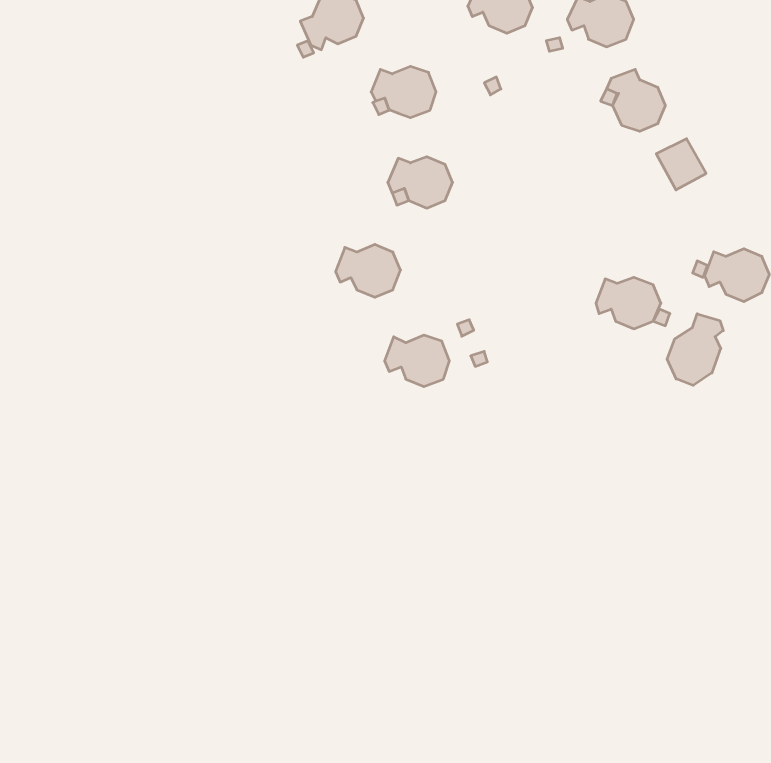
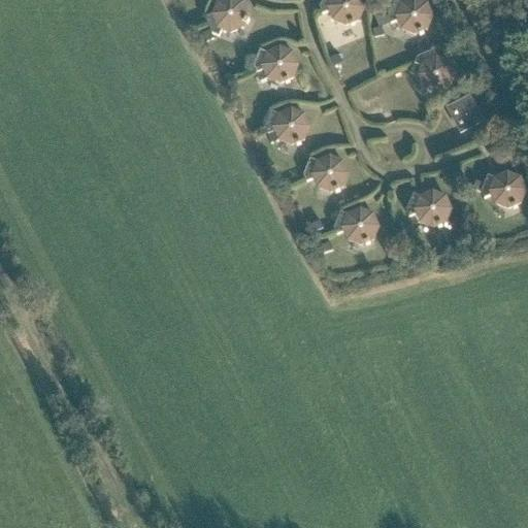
building: [336,244,401,297] -> [304,154,349,190]
building: [667,314,723,385] -> none
building: [385,335,449,387] -> [334,207,378,242]

